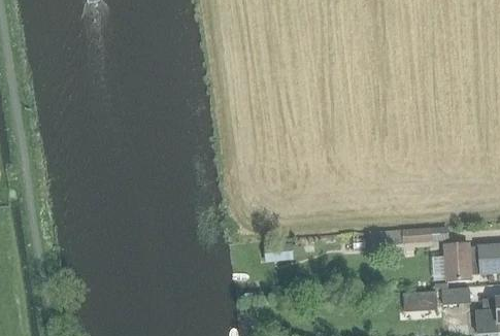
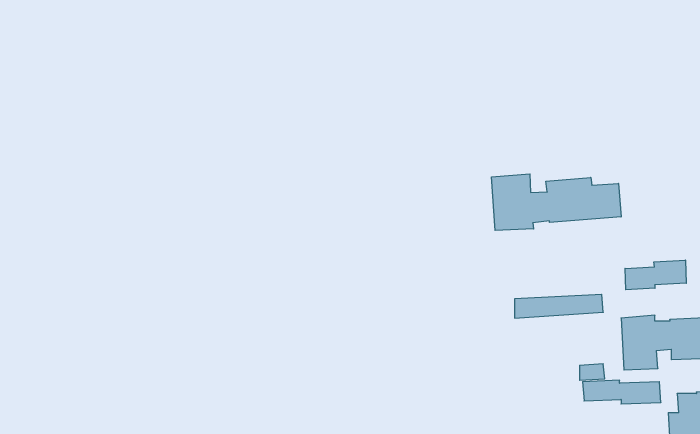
building: none -> [492,174,621,230]
building: none -> [625,260,686,290]

